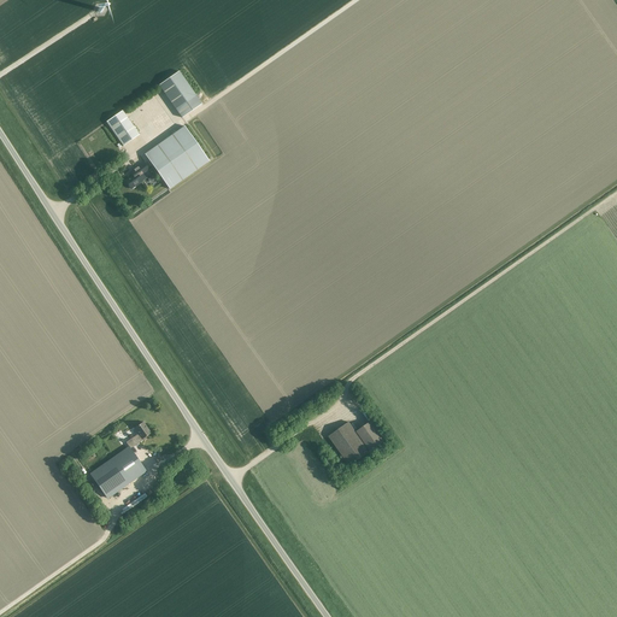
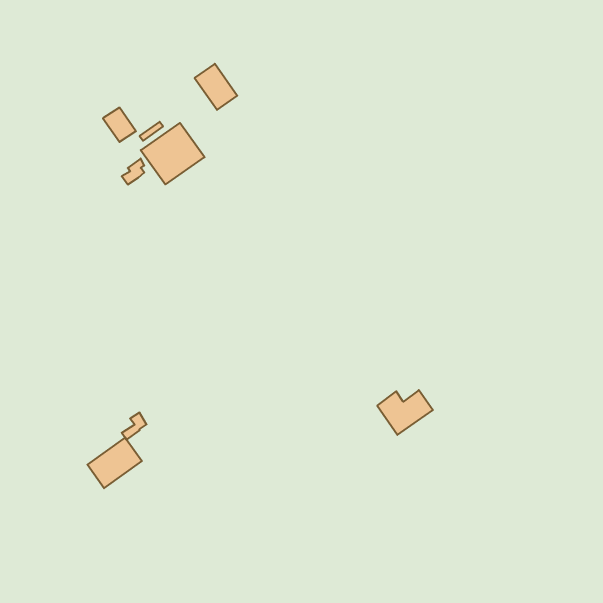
building: [158,70,201,117] -> [195,64,237,110]
building: [328,419,384,465] -> [377,390,433,435]

